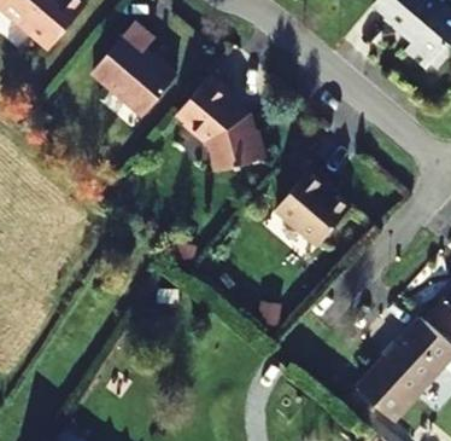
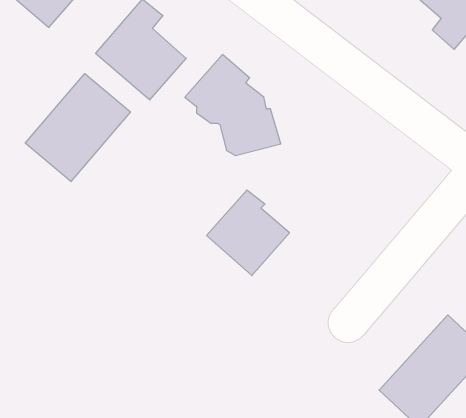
building: none -> [25,74,130,182]
building: [274,170,351,250] -> [207,190,289,276]

